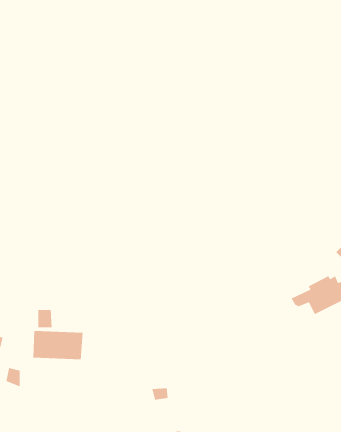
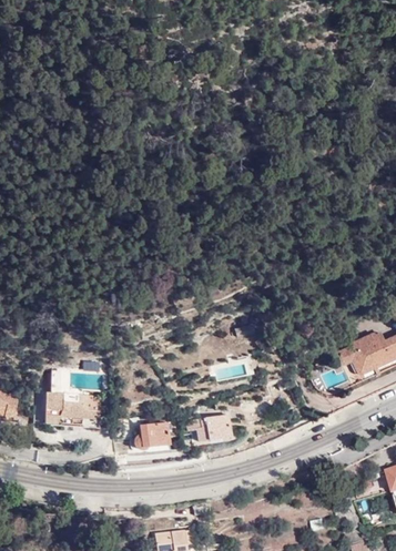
building: none -> [197,414,232,440]
building: none -> [132,424,169,451]

